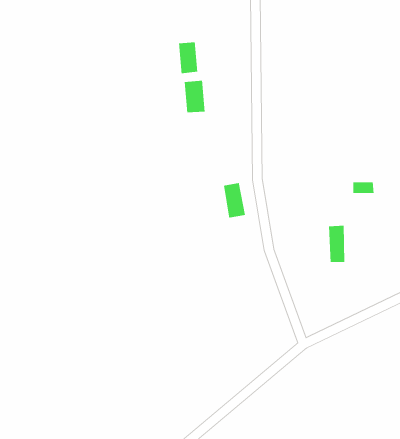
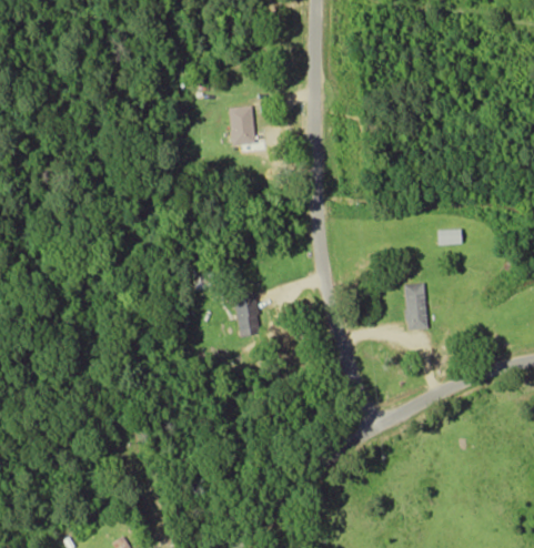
building: [178,42,198,74] -> none
building: [223,183,246,218] -> [232,293,260,336]

